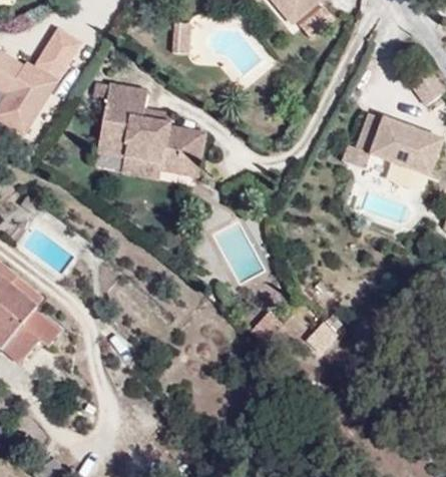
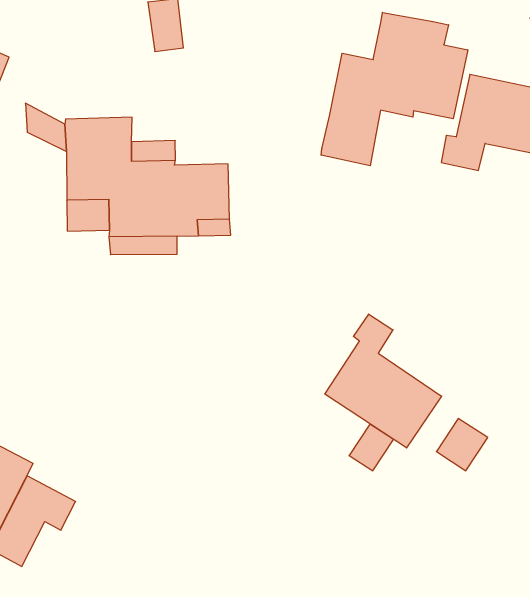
building: none -> [321,12,468,166]
building: none -> [325,314,442,448]

